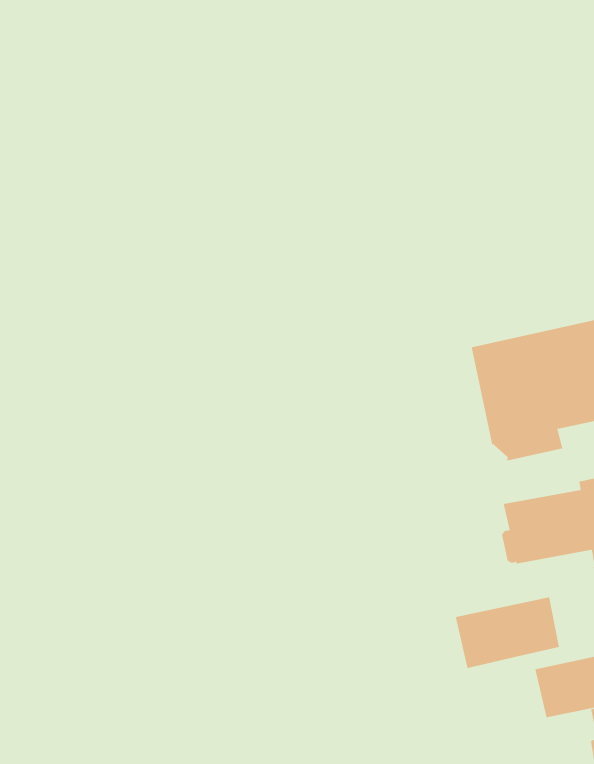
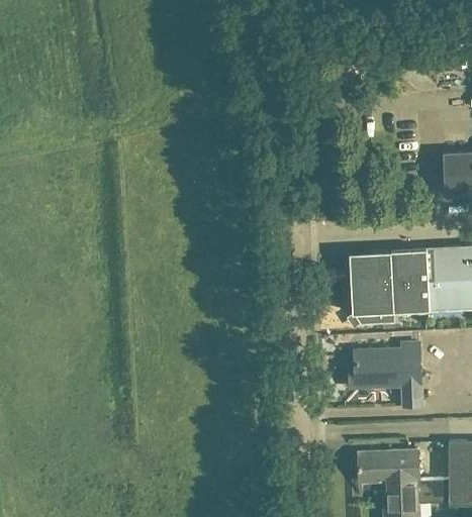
building: [455,596,560,669] -> none

